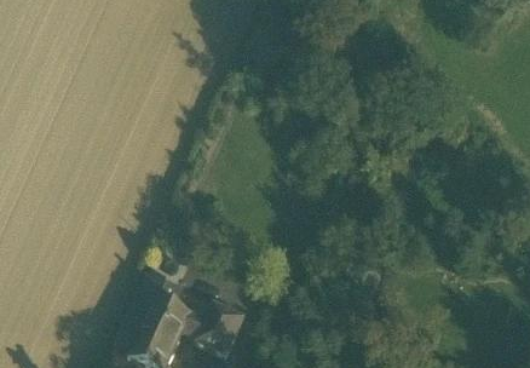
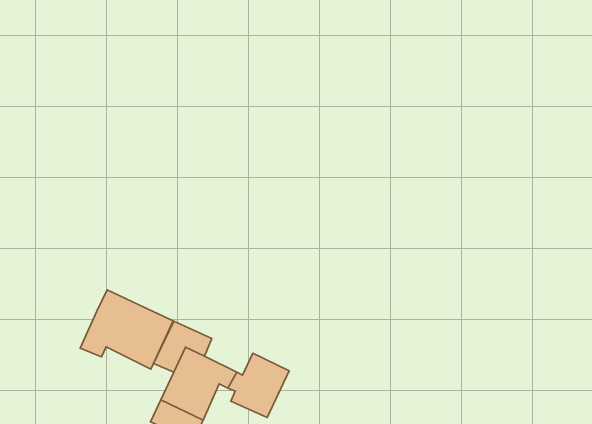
building: none -> [80,290,173,369]

